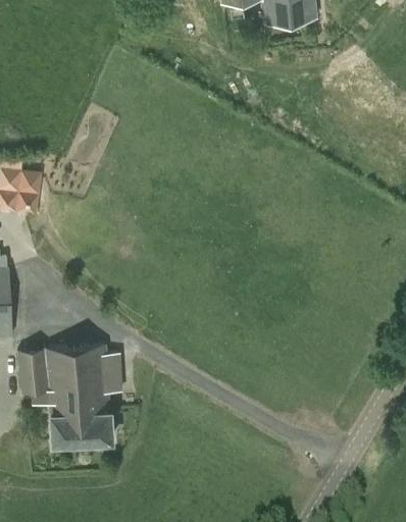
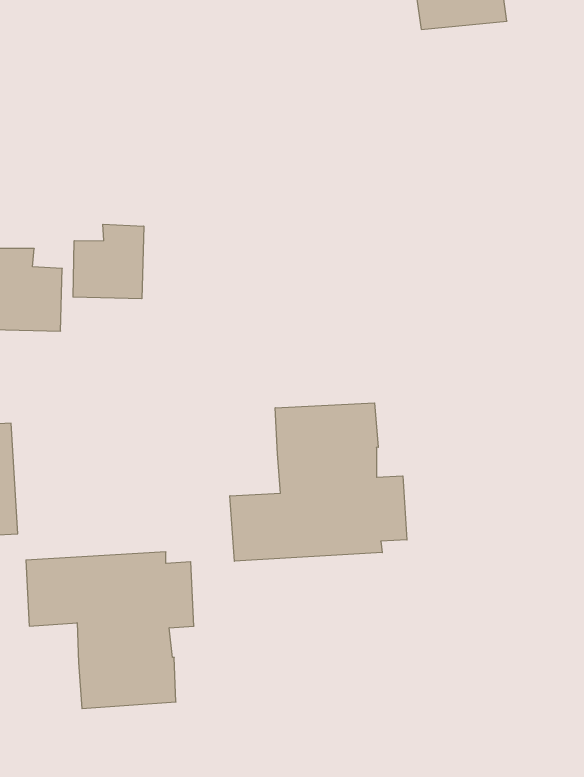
building: none -> [73,224,144,299]
building: none -> [230,403,407,561]

